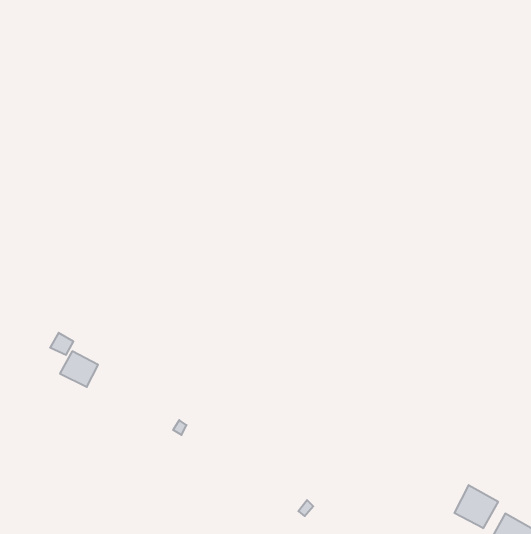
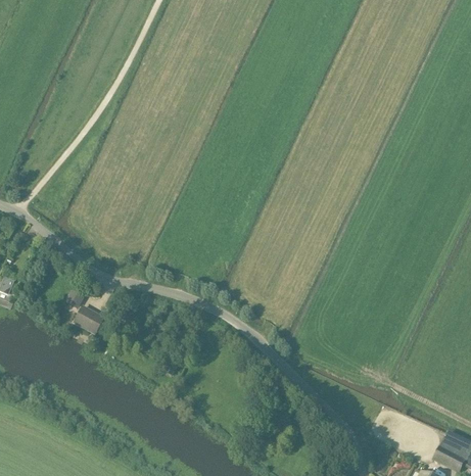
building: [454,485,498,528] -> none

